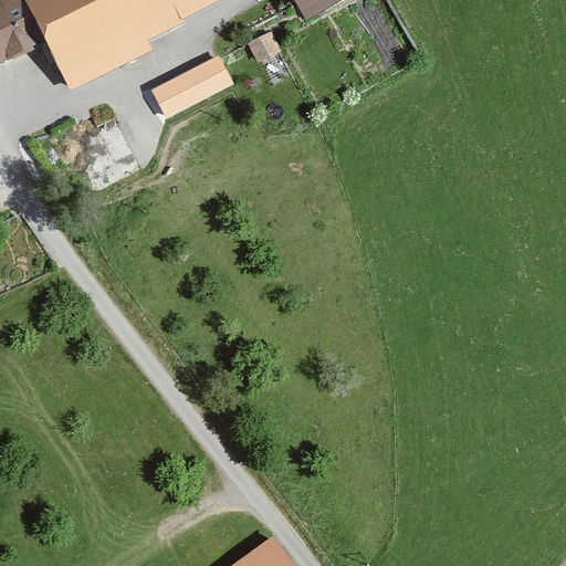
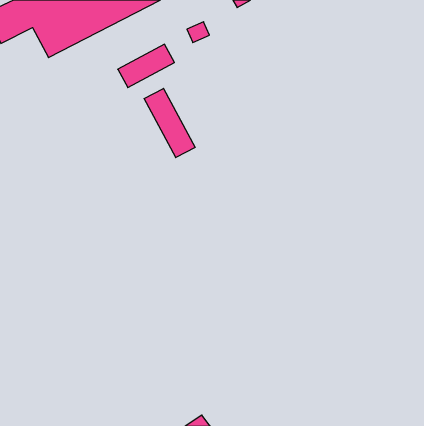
building: none -> [144,88,195,158]

